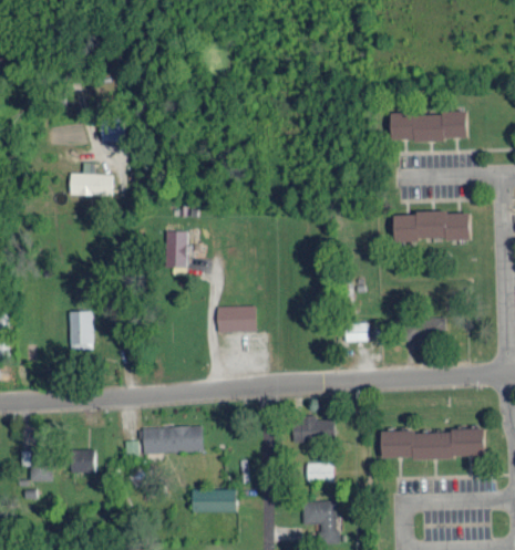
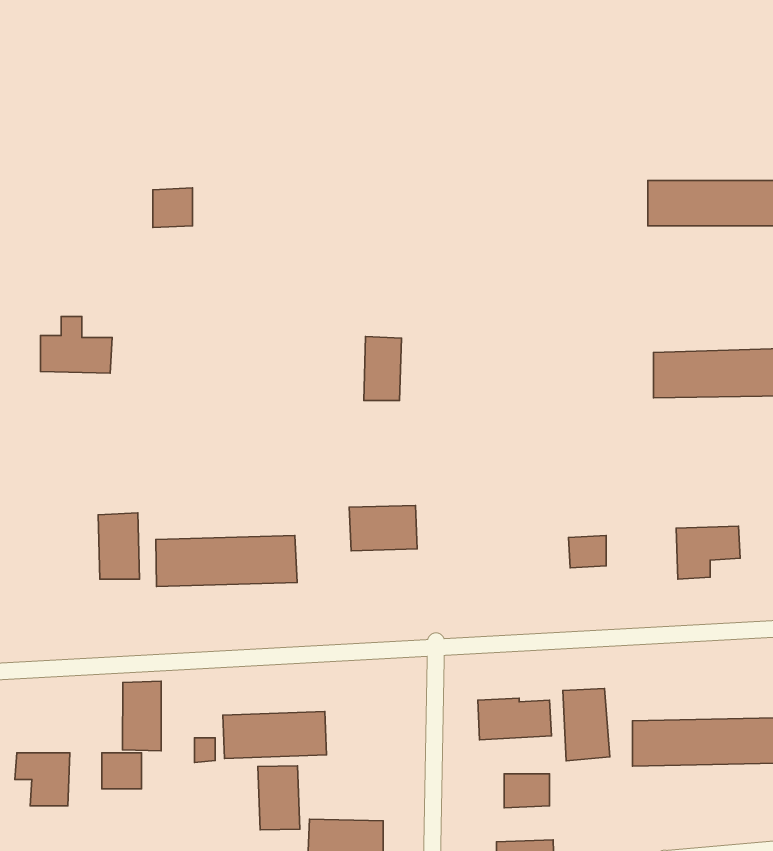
building: [70,163,112,196] -> [40,317,112,373]
building: [165,229,187,267] -> [364,336,402,401]
building: none -> [156,536,297,586]
building: none -> [123,681,161,751]
building: none -> [563,688,610,761]
building: none -> [258,766,300,830]

